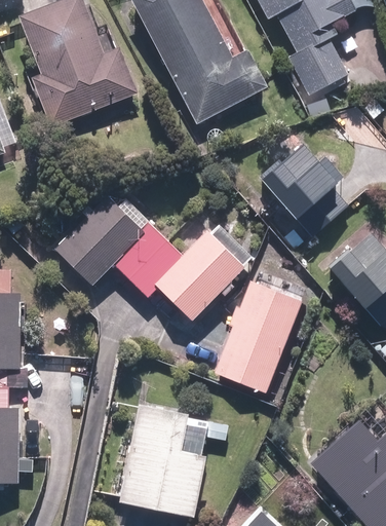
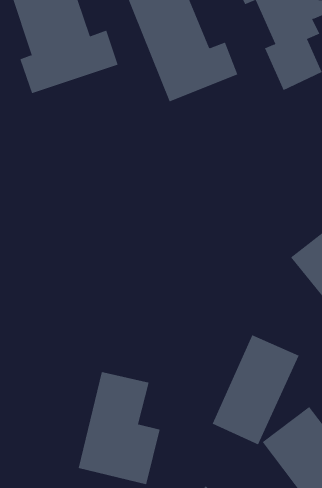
building: [264,143,351,235] -> none
building: [54,202,235,318] -> none
building: [213,281,298,394] -> [212,334,299,445]

